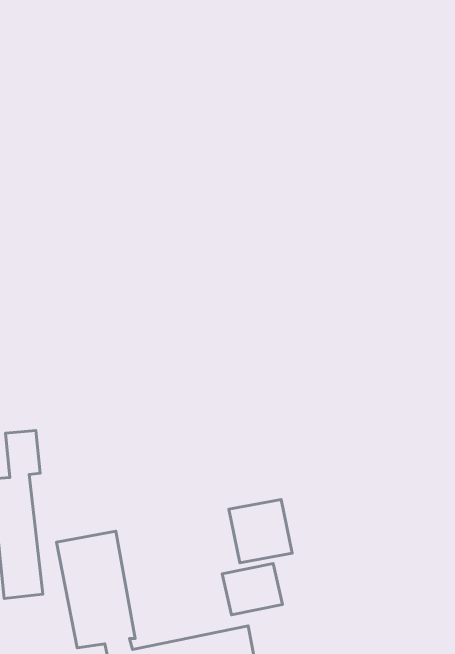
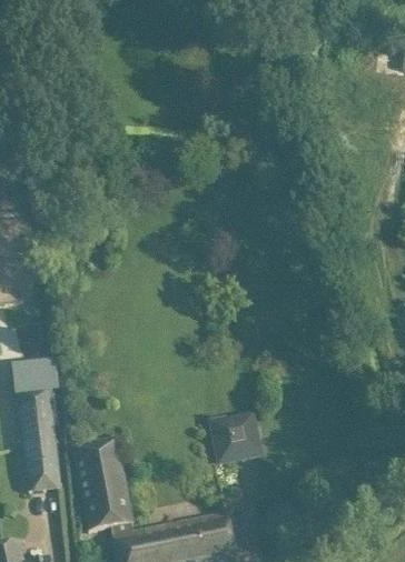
building: [222,563,283,615] -> none

